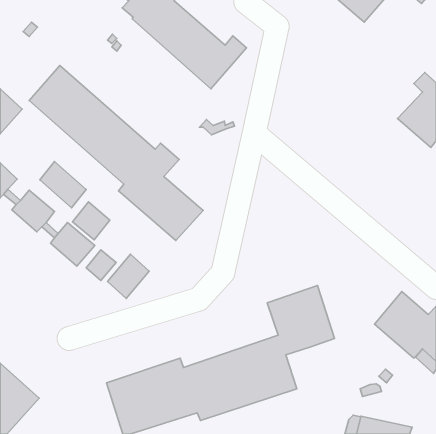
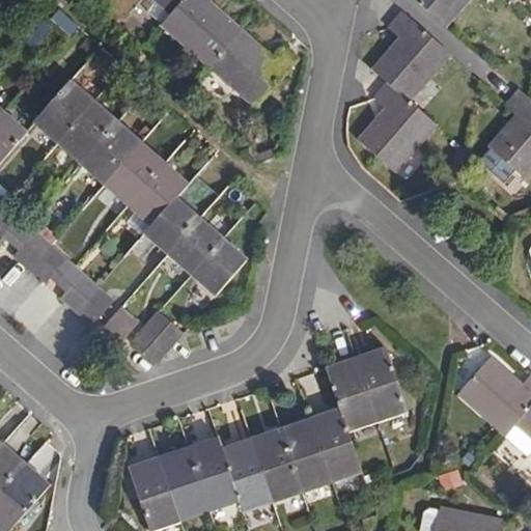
building: none -> [353,10,448,170]
building: [40,161,86,208] -> none
building: [73,202,110,240] -> none

